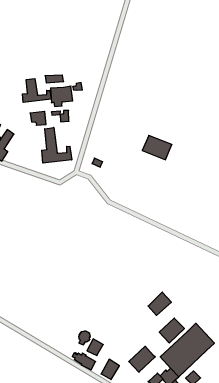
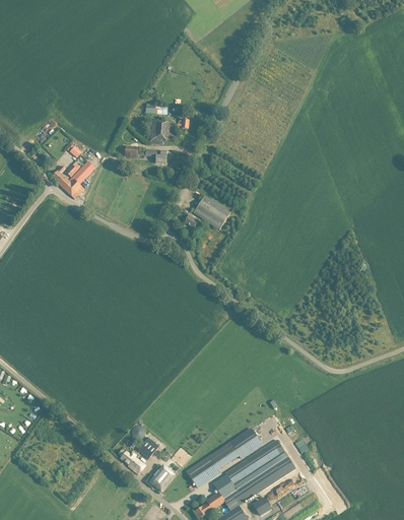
building: [23,79,51,102] -> none
building: [42,127,72,163] -> none
building: [142,135,172,160] -> [194,195,231,229]
building: [148,292,171,315] -> [210,442,240,469]

